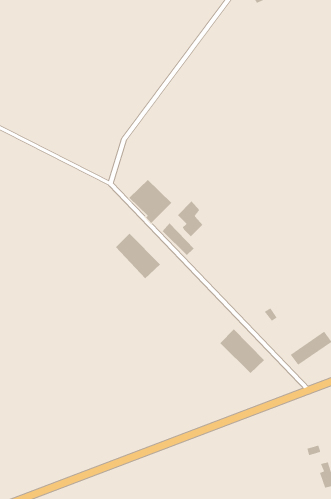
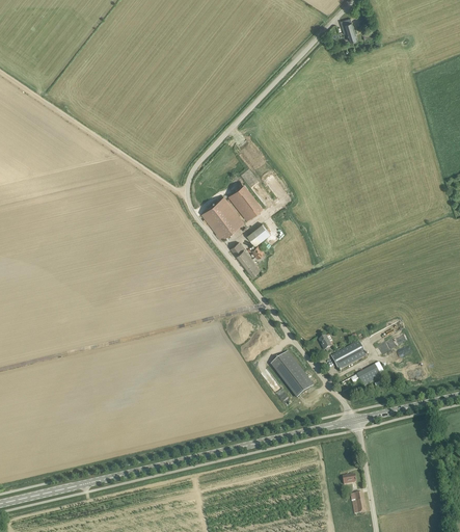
building: none -> [229,183,263,219]
building: [115,233,161,279] -> none
building: none -> [331,340,367,369]

